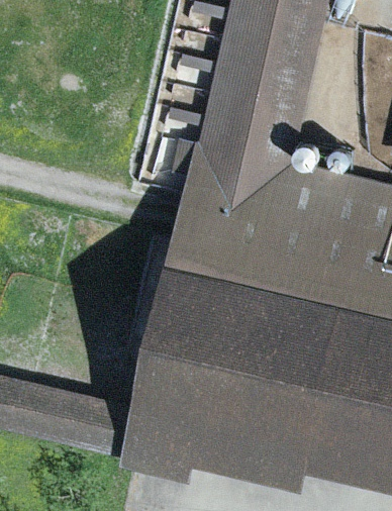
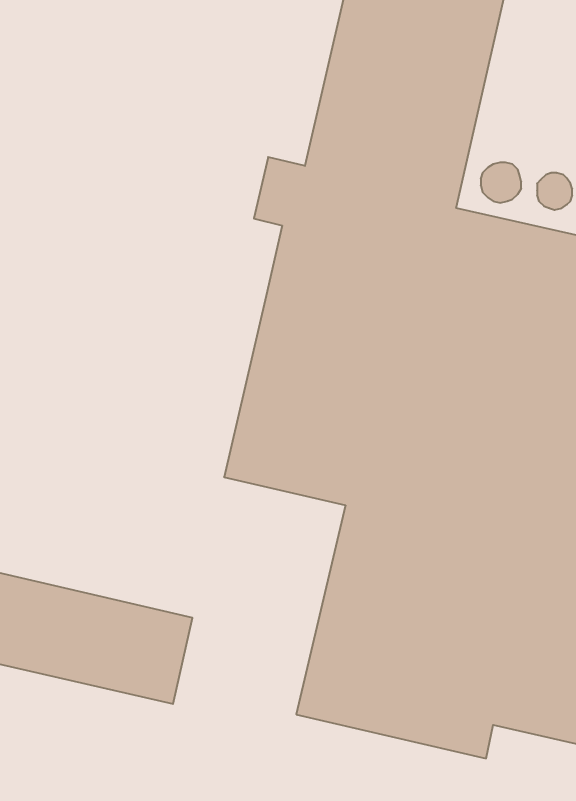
building: [123,323,222,470] -> none

